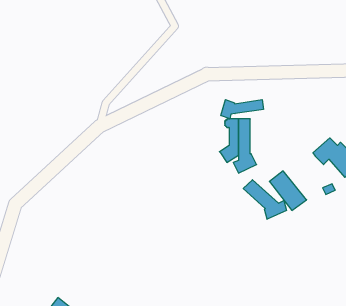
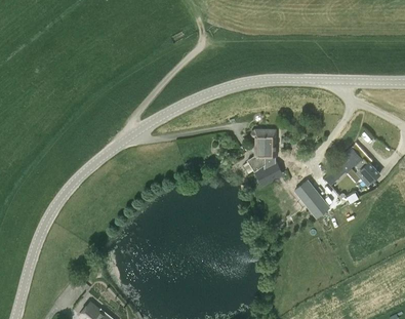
building: [221,100,263,119] -> none
building: [243,180,286,219] -> none

